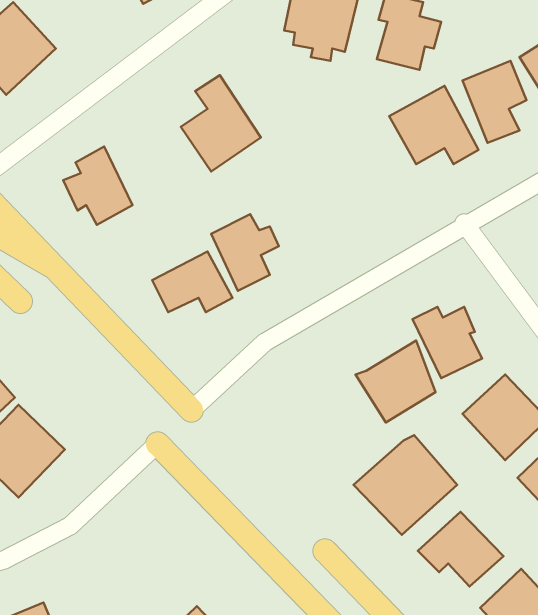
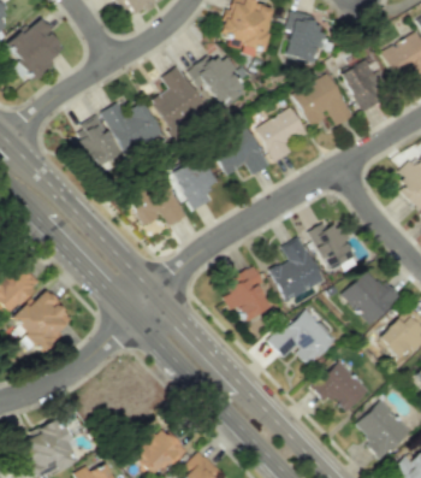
building: none -> [188,53,245,102]
building: none -> [101,101,162,154]
building: none -> [256,107,307,161]
building: none -> [210,126,271,175]
building: none -> [224,264,269,320]

